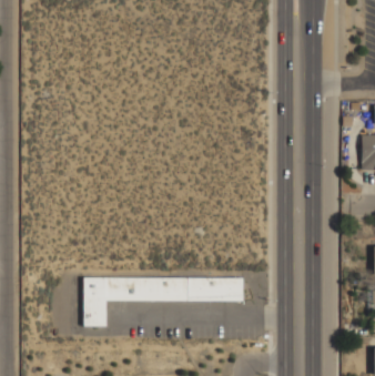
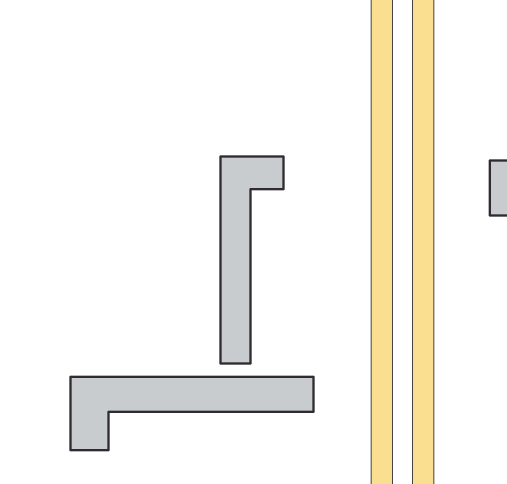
building: none -> [221,156,283,363]

